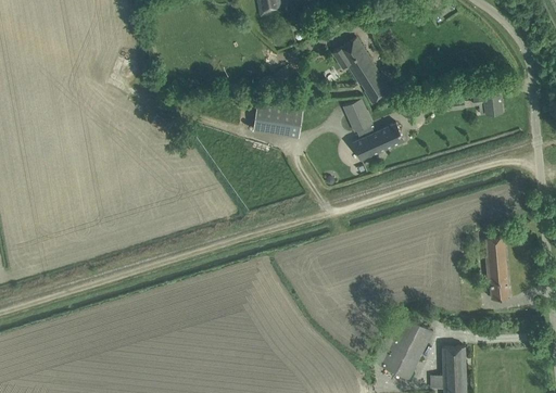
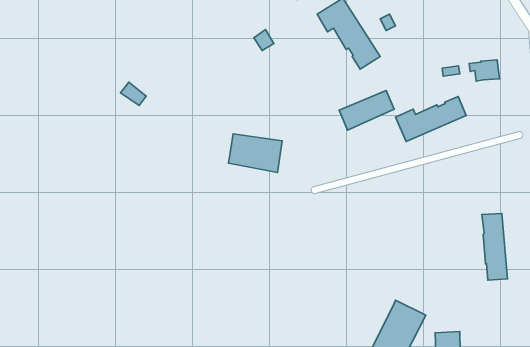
building: [343,98,372,131] -> none
building: [253,102,303,138] -> [228,134,282,172]
building: none -> [396,96,466,142]

